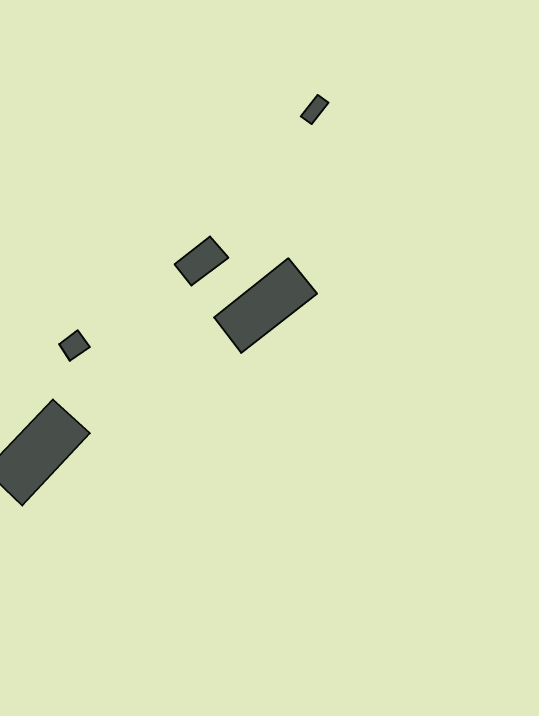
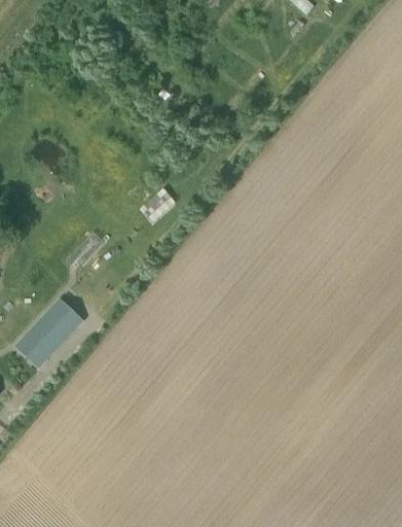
building: [214,258,317,353] -> none

